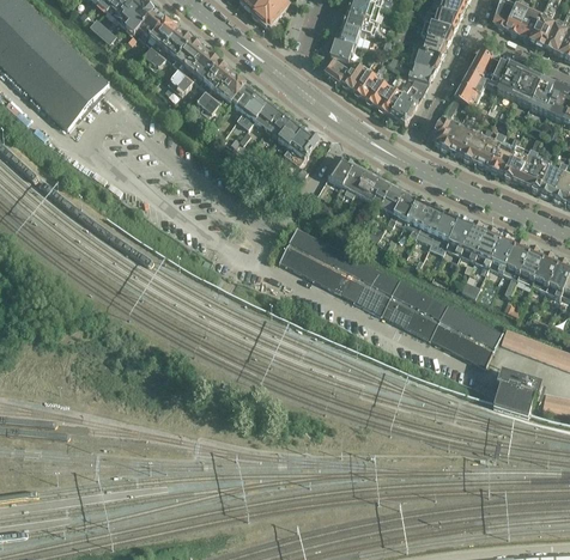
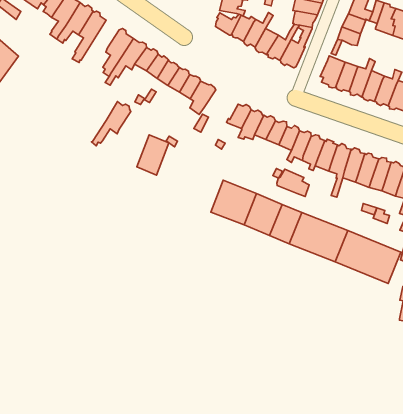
building: [174,54,219,99] -> [91,102,131,146]
building: [279,227,316,272] -> [137,135,169,175]
building: none -> [277,169,309,196]

